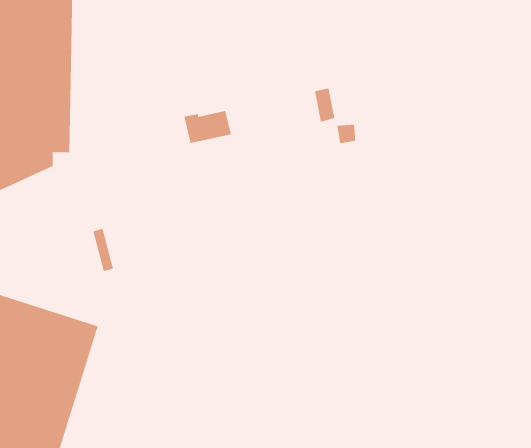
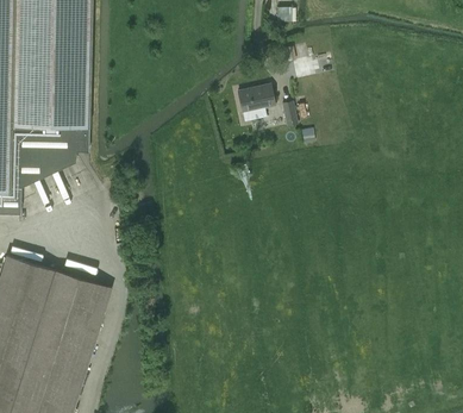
building: [184,110,232,144] -> [236,87,274,113]

